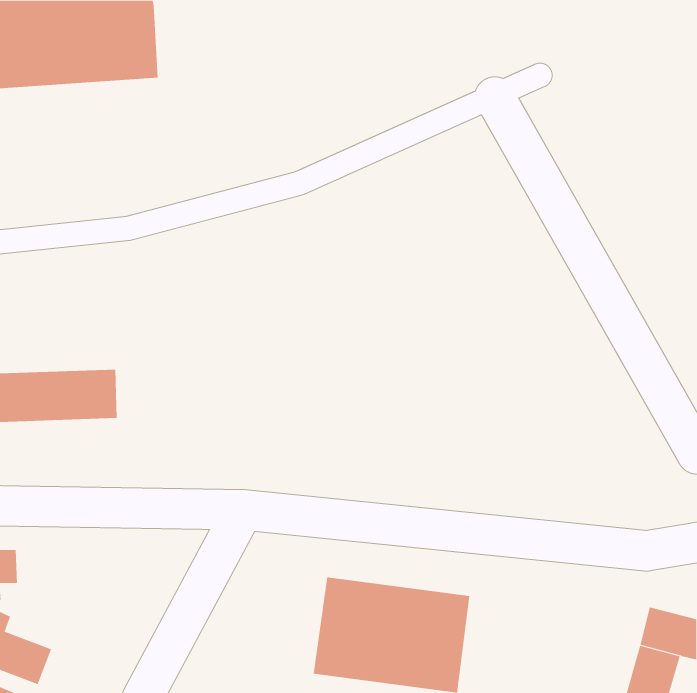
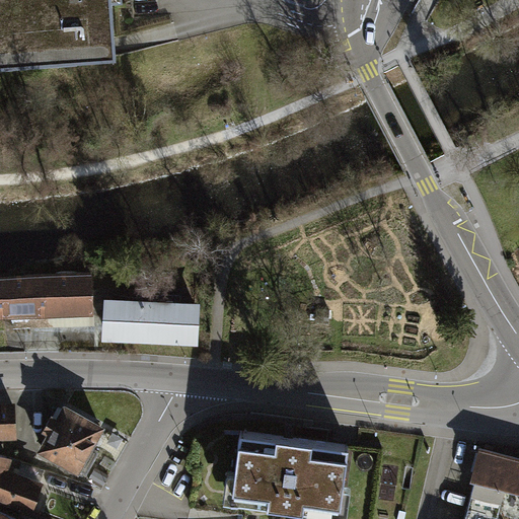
building: none -> [106,304,194,344]
building: none -> [36,411,98,477]

